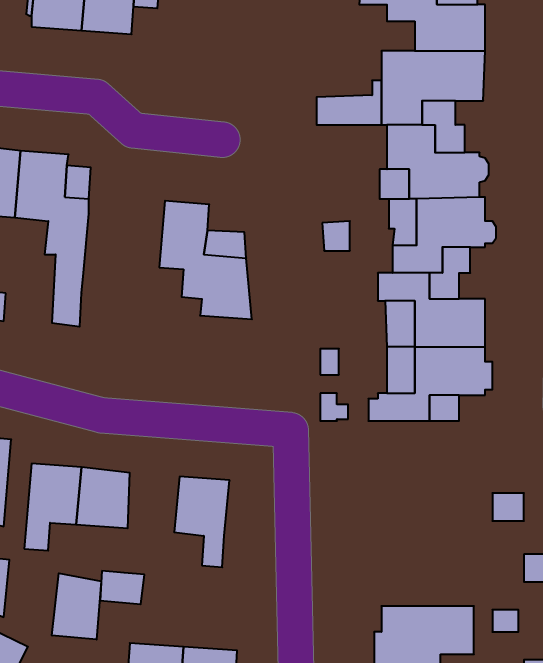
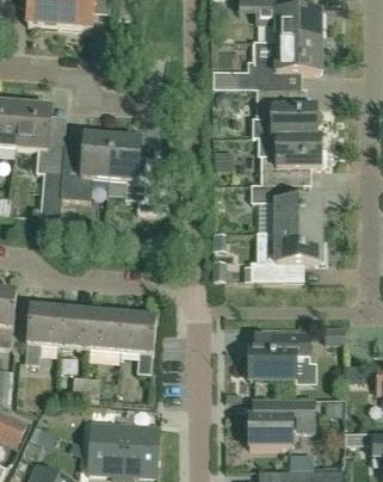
building: none -> [60,135,113,199]
building: none -> [89,313,123,351]
building: none -> [248,332,316,383]
building: [52,573,101,640] -> none

